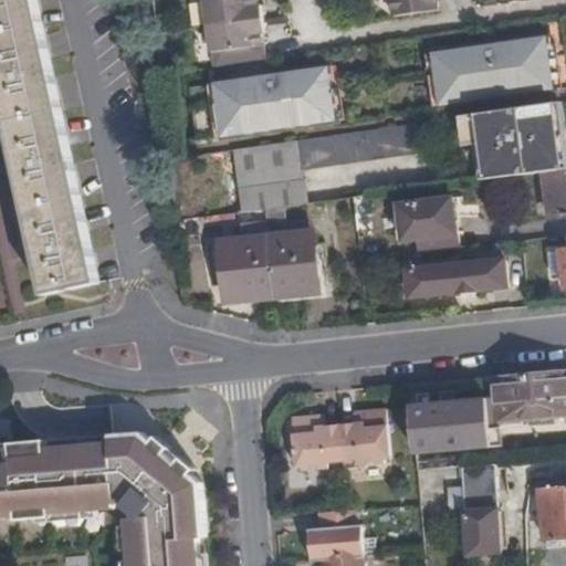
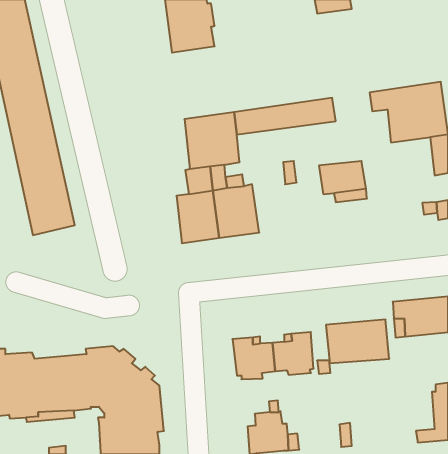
building: [426,34,548,105] -> none
building: [208,65,332,137] -> none
building: [400,259,501,296] -> none
building: [458,463,496,554] -> none

